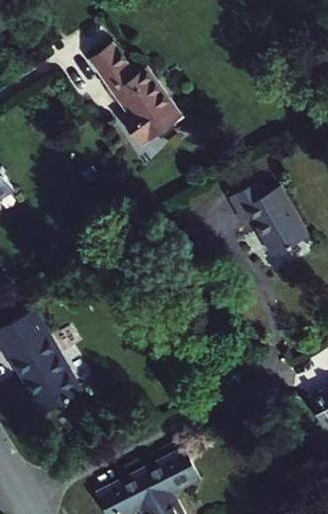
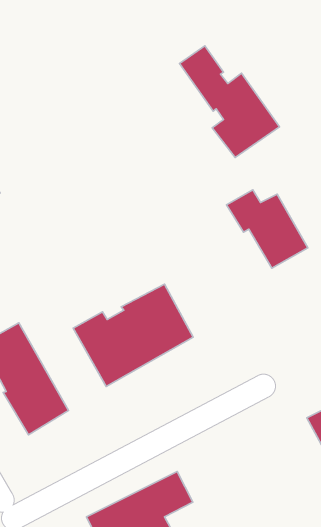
building: [91,38,187,145] -> [179,46,280,157]
building: none -> [73,284,193,386]

